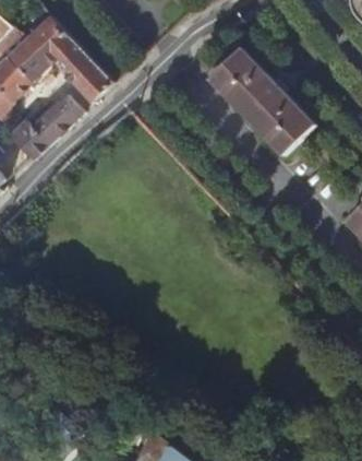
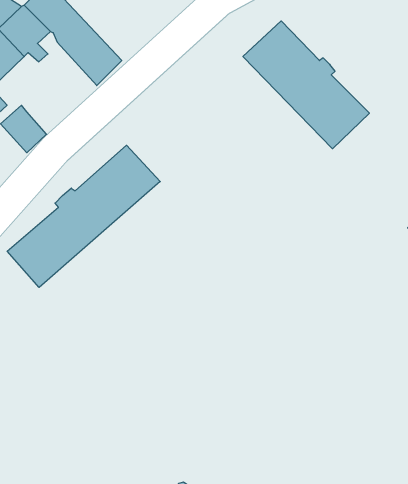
building: [32,94,82,143] -> none
building: none -> [7,145,160,287]

